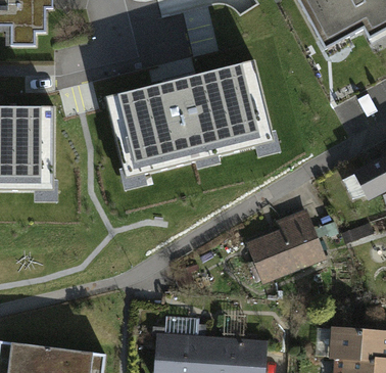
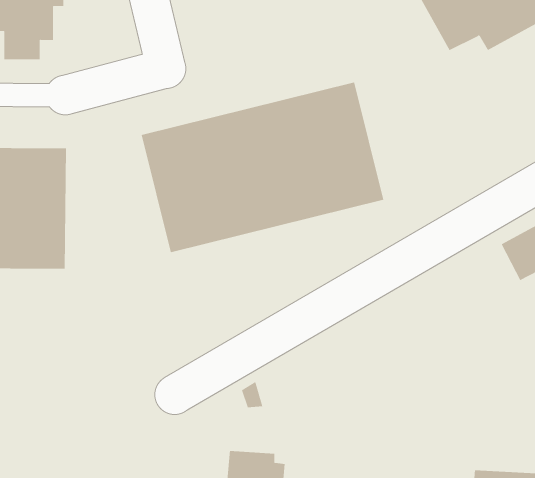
building: [249,209,324,275] -> none

